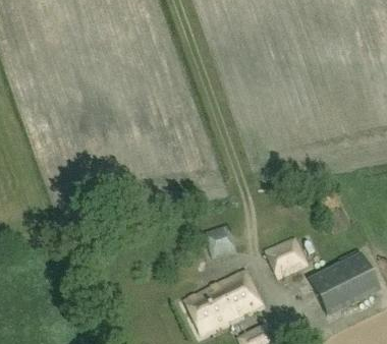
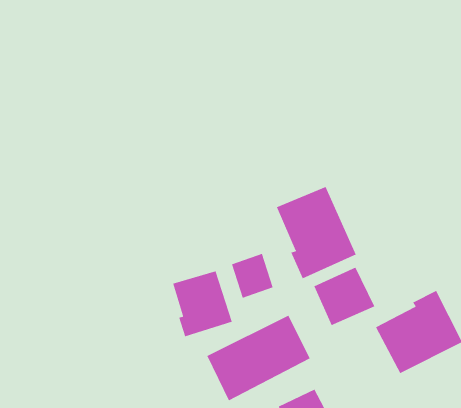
building: none -> [276,186,357,279]
building: none -> [172,270,232,337]

